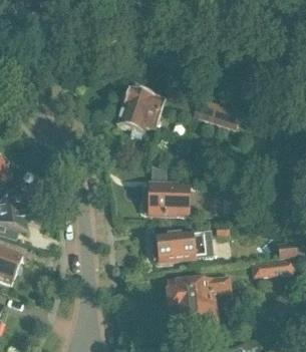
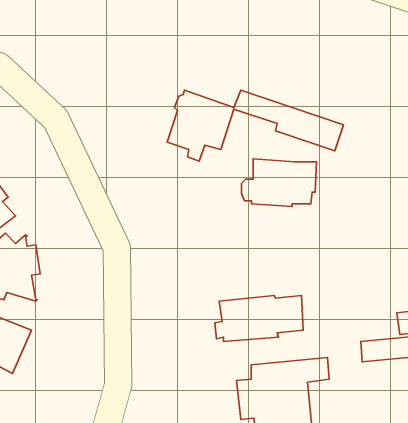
building: [141,183,194,216] -> [242,159,317,207]

